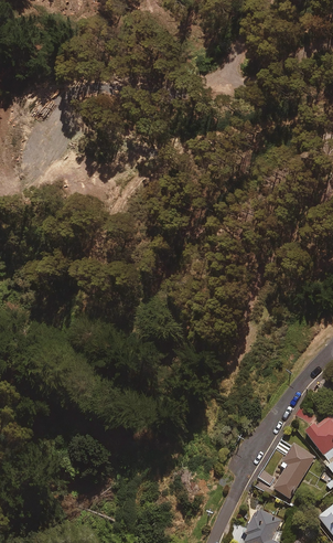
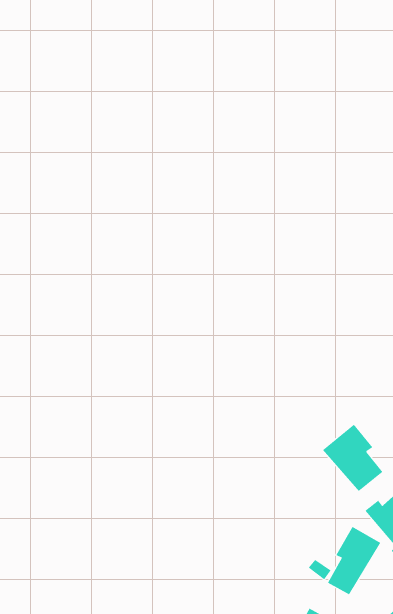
building: none -> [322,424,383,492]

